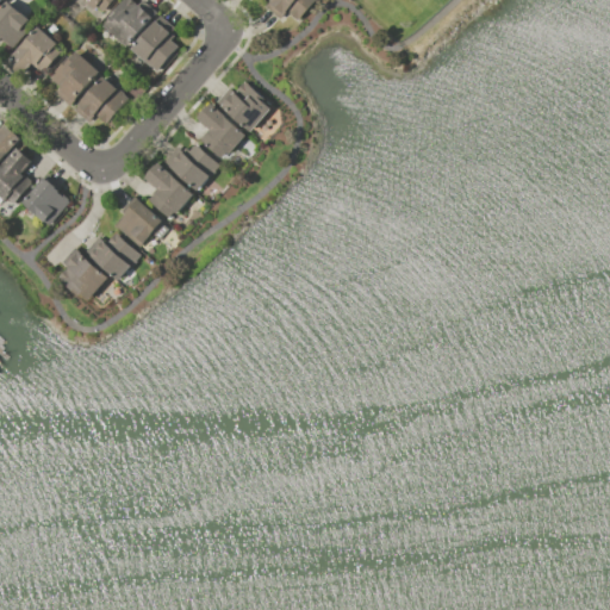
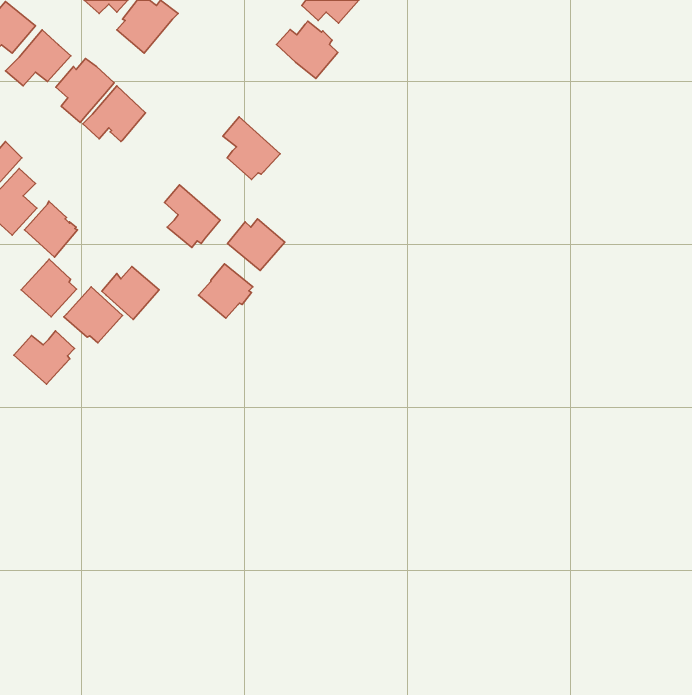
building: [130,15,179,71] -> none
building: [216,81,269,131] -> [277,21,338,78]
building: [168,144,218,189] -> [228,219,285,271]
building: [114,199,162,247] -> [199,264,253,318]
building: none -> [21,259,76,317]
building: none -> [14,331,74,384]

